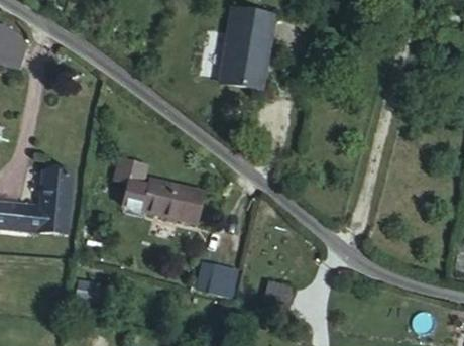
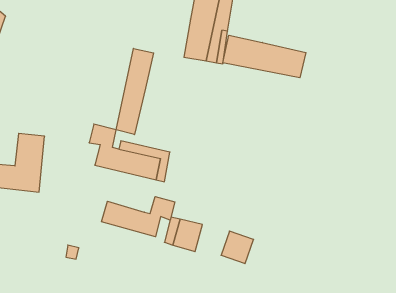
building: none -> [223,35,306,78]
building: none -> [116,48,154,135]
building: none -> [102,197,175,237]

